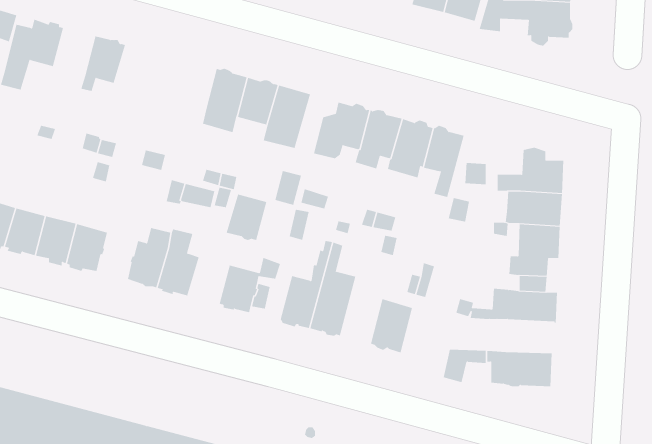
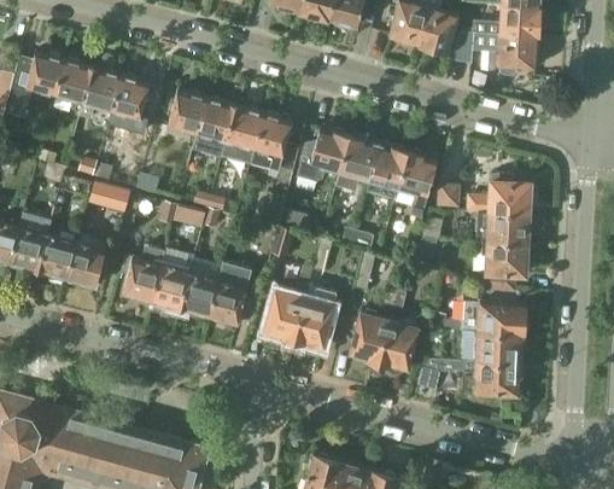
building: none -> [54,58,93,104]
building: none -> [111,75,151,120]
building: none -> [169,89,206,134]
building: [226,194,267,241] -> [180,273,218,316]
building: none -> [379,320,419,369]
building: none -> [460,331,521,362]

